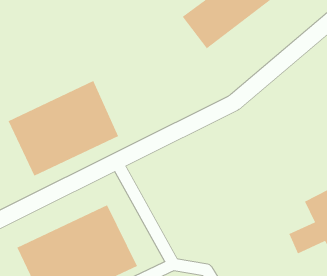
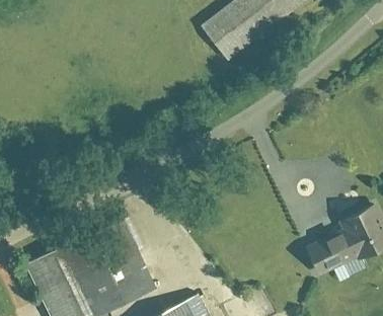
building: [8,80,119,177] -> none

